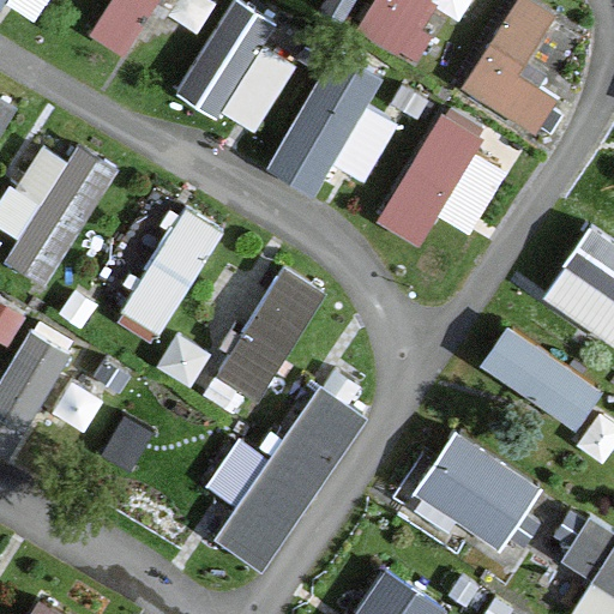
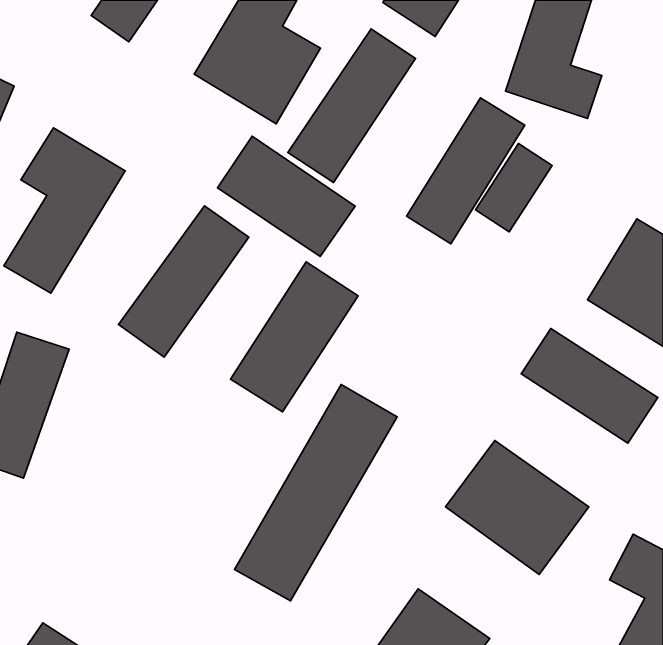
building: none -> [218,136,355,257]

